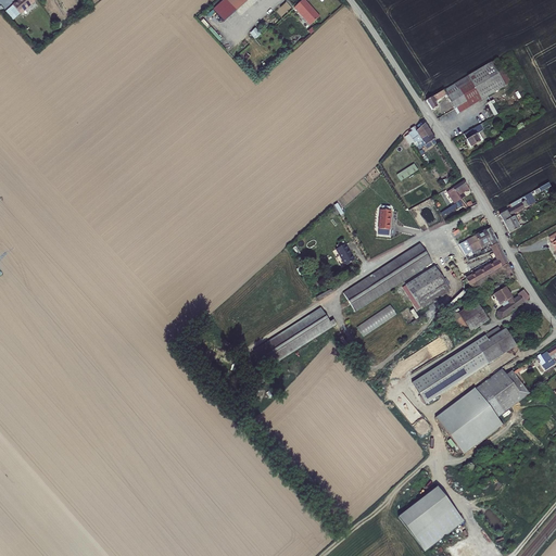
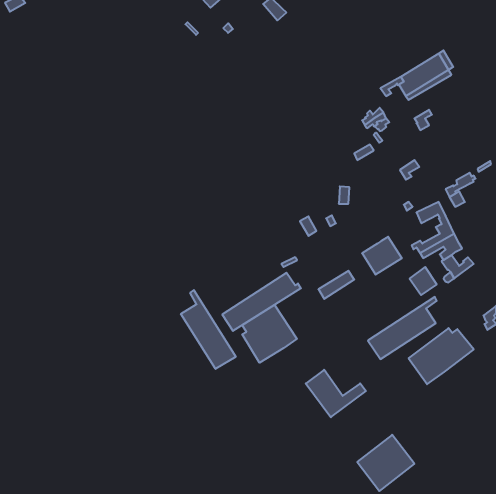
building: [343,241,432,311] -> none
building: none -> [181,290,236,369]
building: [477,325,516,362] -> none
building: none -> [242,305,297,363]
building: [437,401,504,454] -> [306,370,366,417]

